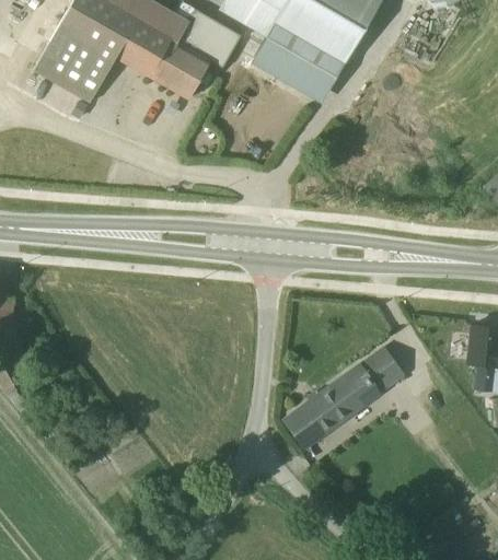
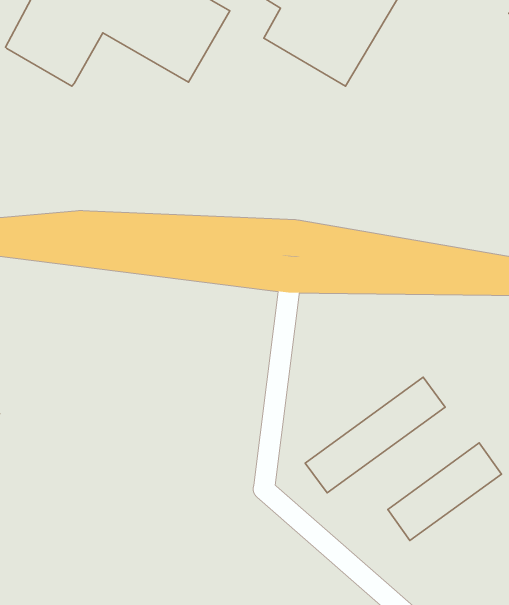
building: none -> [388,443,501,541]

